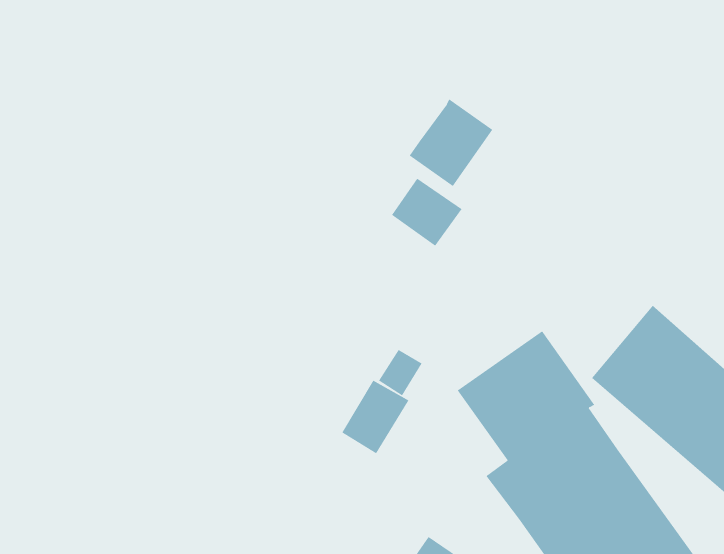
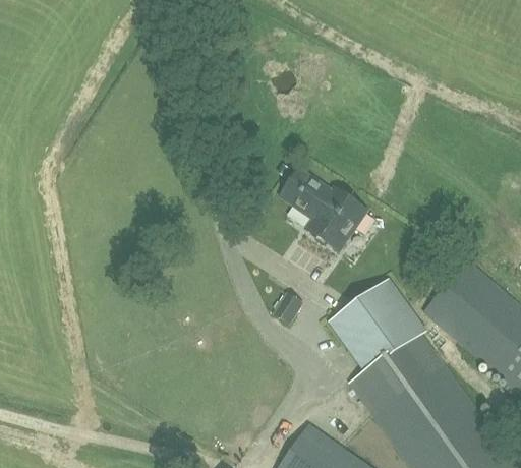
building: [409,98,493,187] -> [306,188,366,251]
building: [341,380,409,454] -> none

